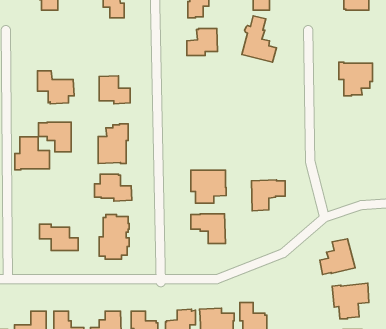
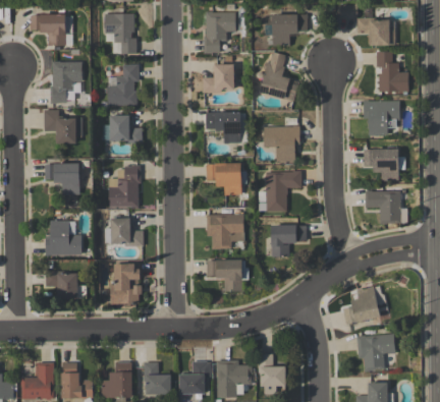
building: none -> [376,51,407,91]
building: none -> [50,61,81,103]
building: none -> [107,63,138,105]
building: none -> [205,111,240,142]
building: none -> [263,125,299,161]
building: none -> [363,148,404,181]
building: none -> [206,163,245,194]
building: none -> [258,170,300,211]
building: [15,137,50,170] -> [45,220,81,254]
building: none -> [365,190,399,224]

